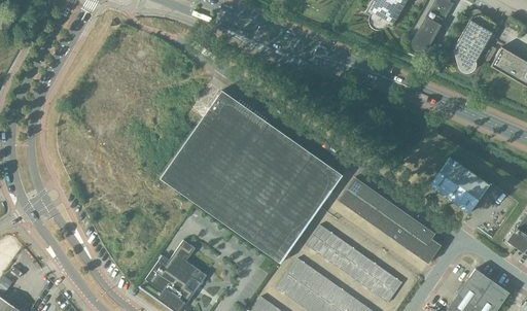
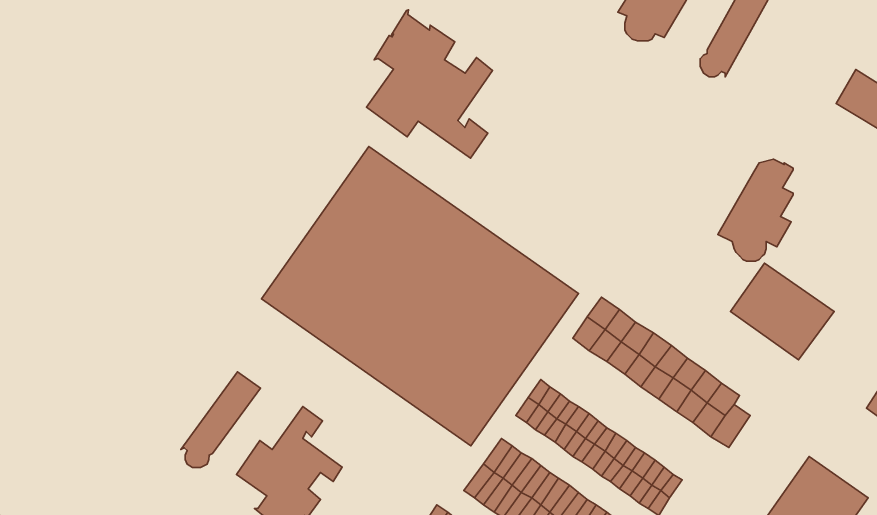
building: none -> [367,10,492,158]
building: [449,14,492,73] -> [718,159,793,261]
building: none -> [181,372,261,468]

